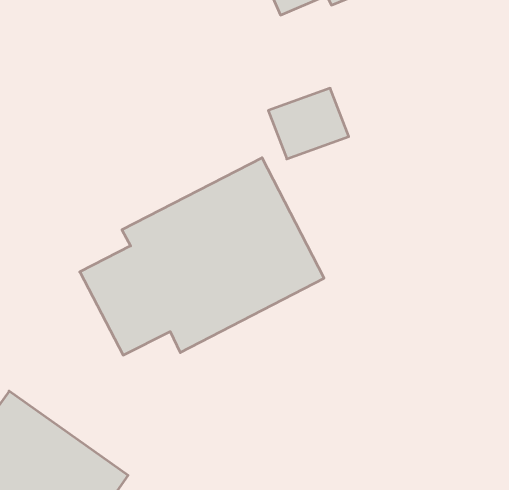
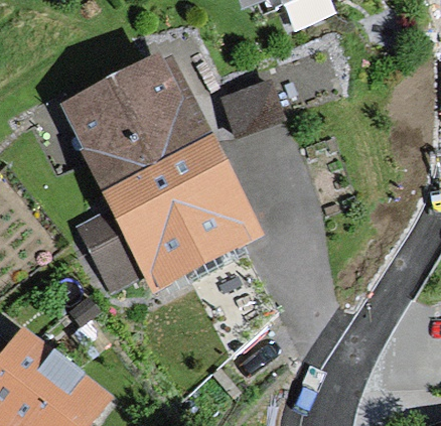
building: none -> [60,46,219,192]

